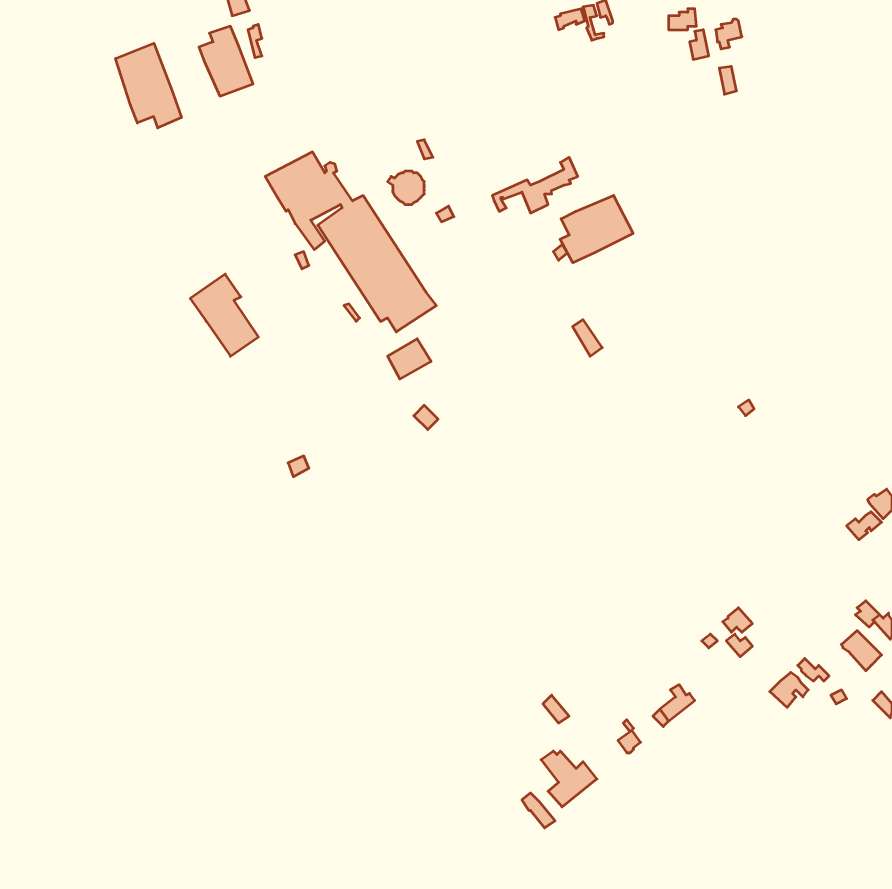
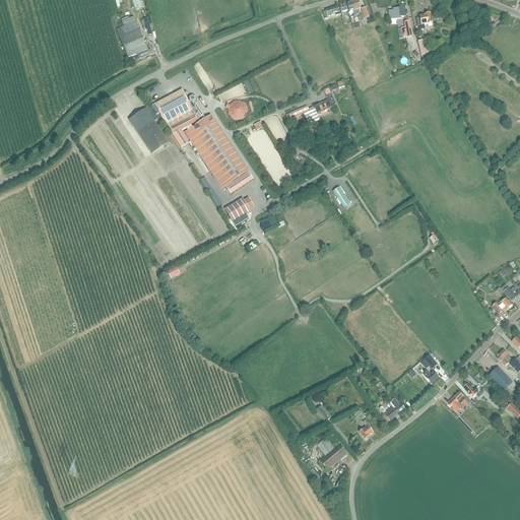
building: [116,43,181,128] -> none
building: [560,195,633,263] -> none
building: [190,274,258,356] -> [129,105,169,152]

